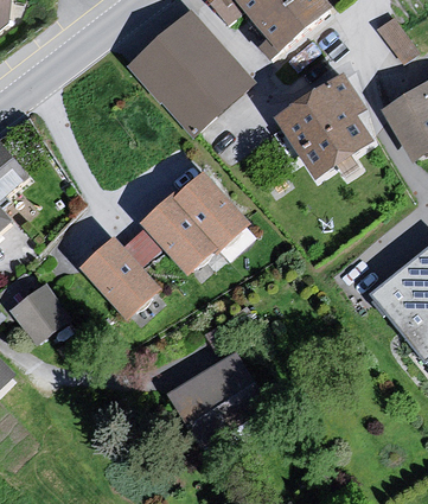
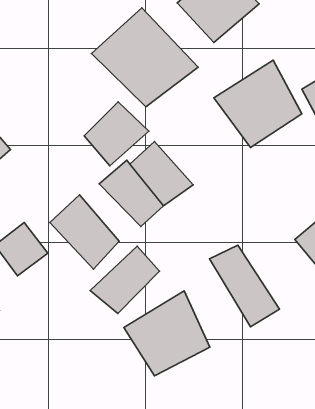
building: none -> [84,102,149,166]
building: none -> [209,245,279,327]
building: none -> [90,246,160,314]

